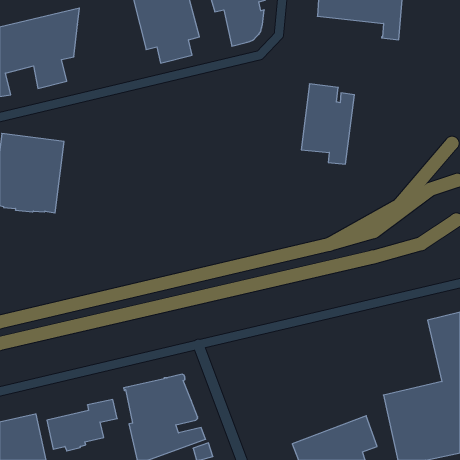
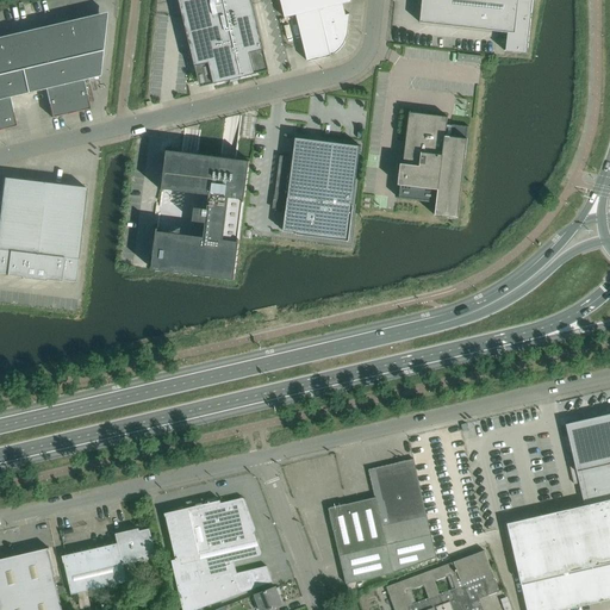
building: none -> [273,137,359,238]
building: none -> [150,149,249,279]
building: none -> [328,459,436,583]

